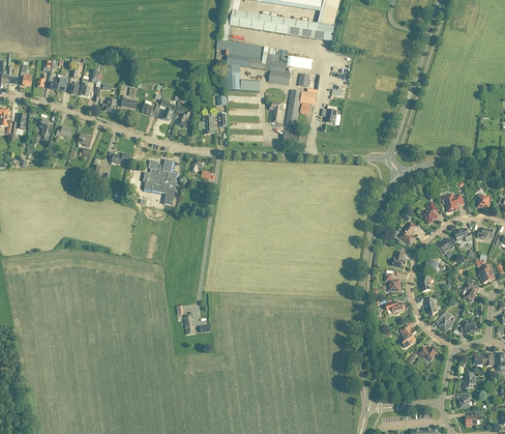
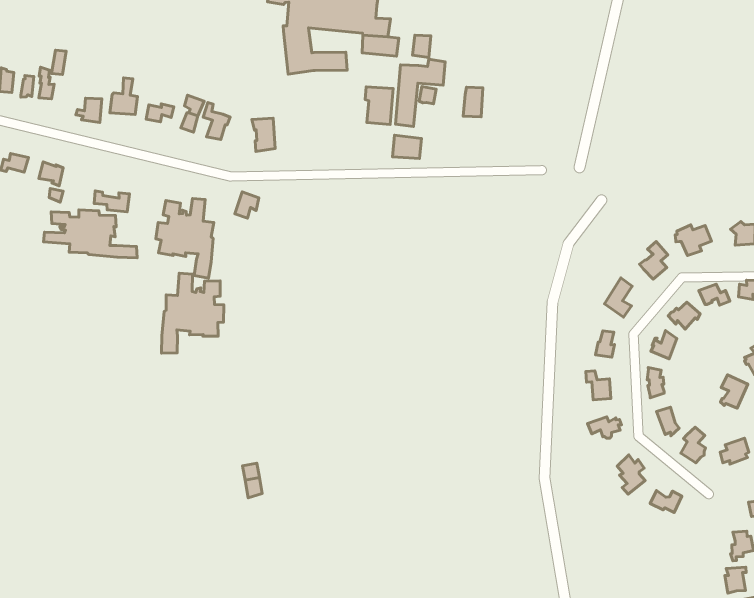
building: none -> [43,210,137,258]
building: none -> [162,273,224,353]

